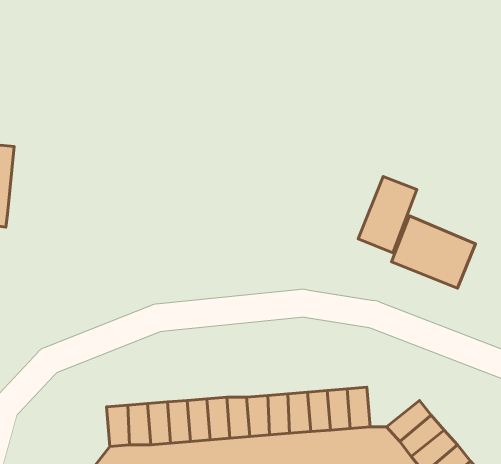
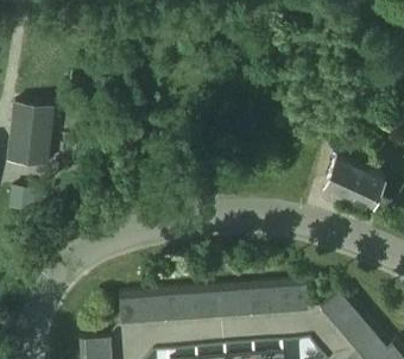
building: [358,176,417,253] -> none

